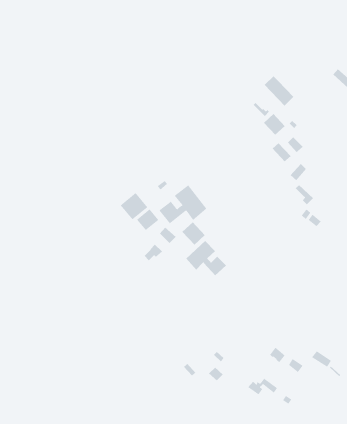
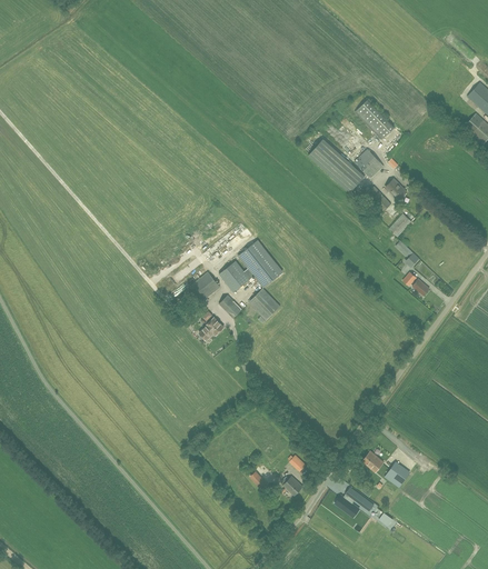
building: none -> [308,137,363,191]
building: [120,192,148,220] -> none
building: [185,240,227,276] -> none

